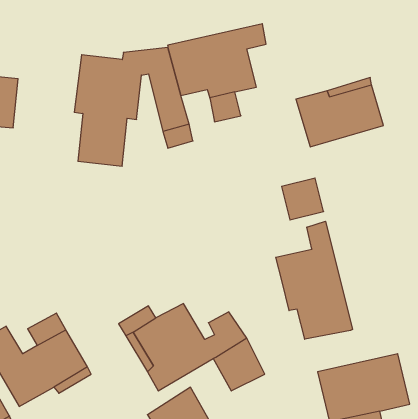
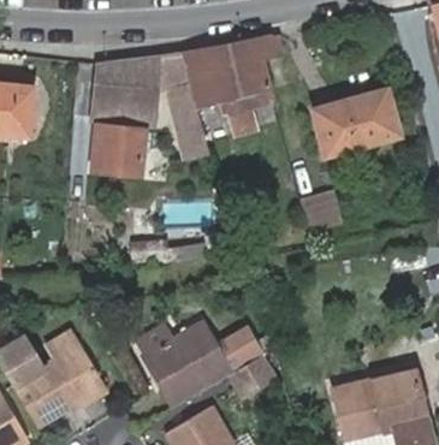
building: [276,221,352,339] -> none

